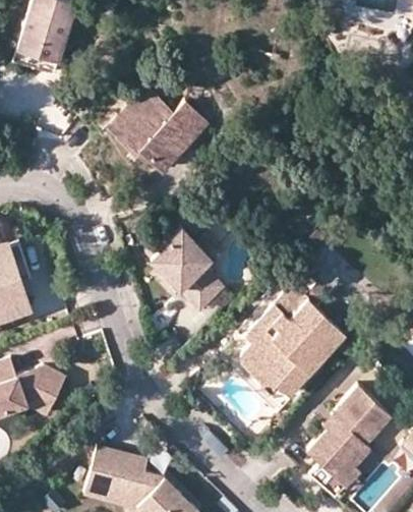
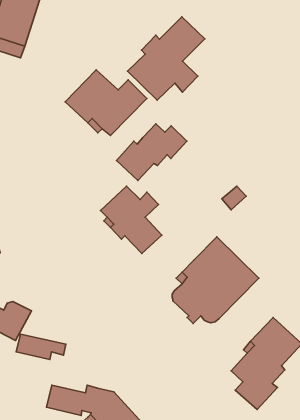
building: none -> [128,17,205,100]
building: none -> [117,124,187,181]
building: [92,447,152,477] -> [16,334,66,359]

